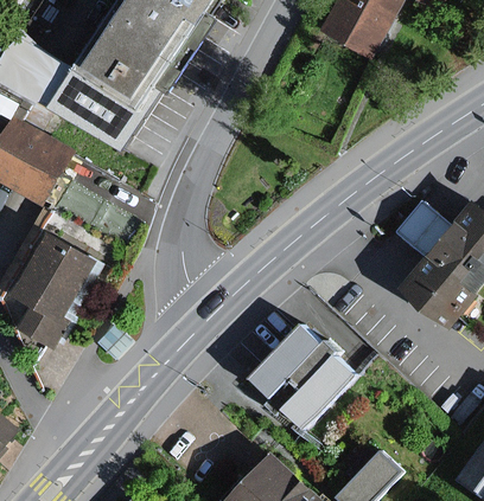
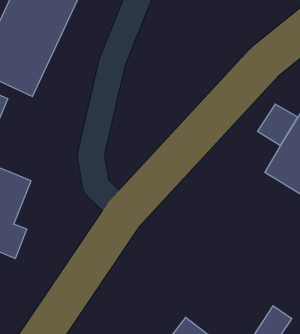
building: [267,328,358,419] -> none

